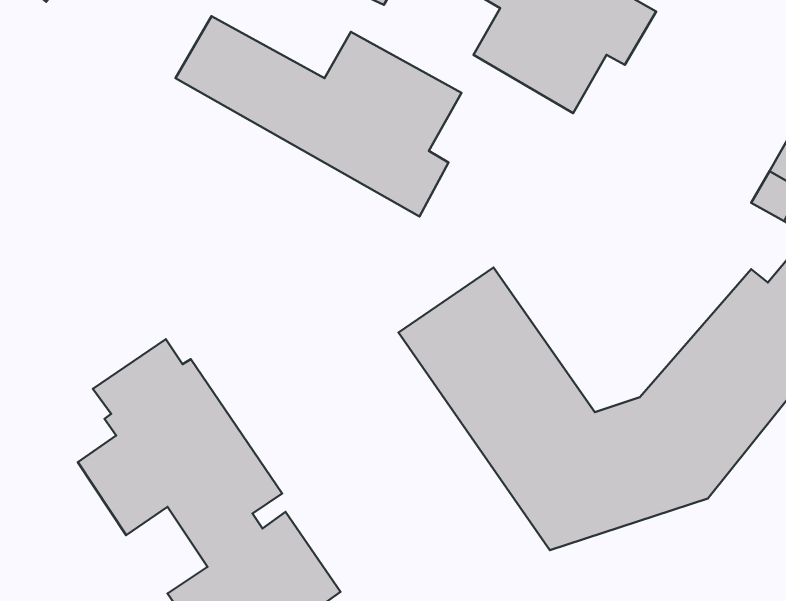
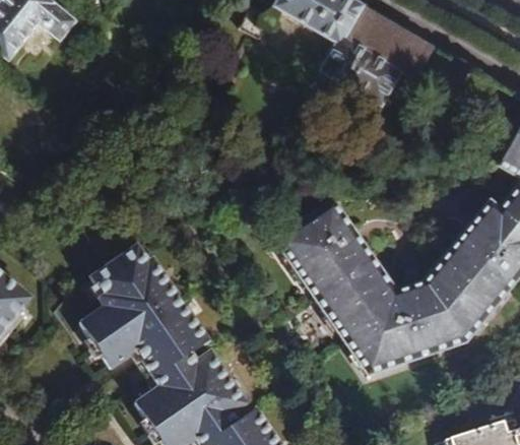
building: [175,16,461,216] -> none

